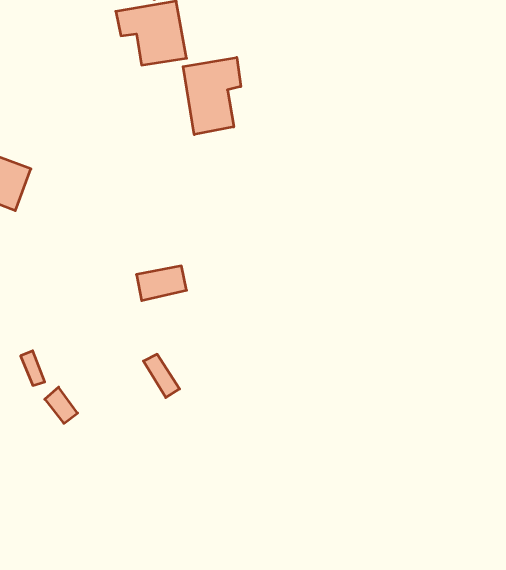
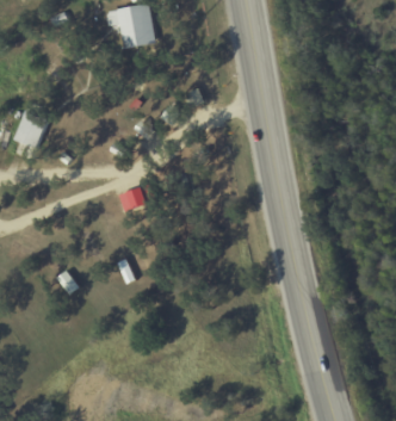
building: [183,57,241,135] -> none

